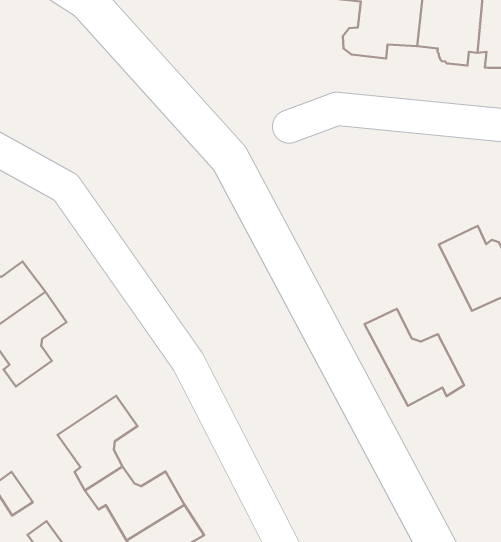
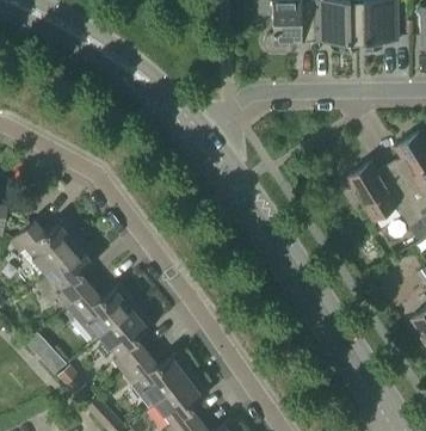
building: [365,309,464,406] -> none
building: none -> [67,285,136,337]

